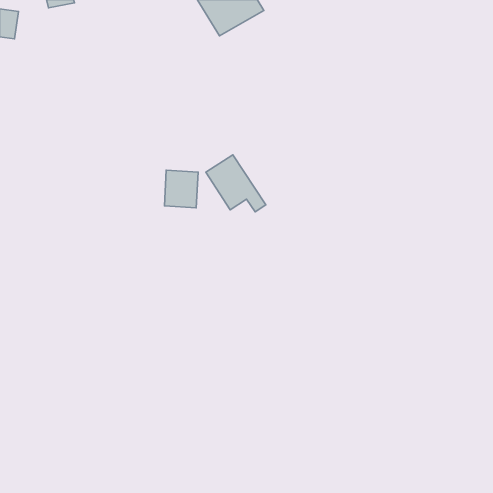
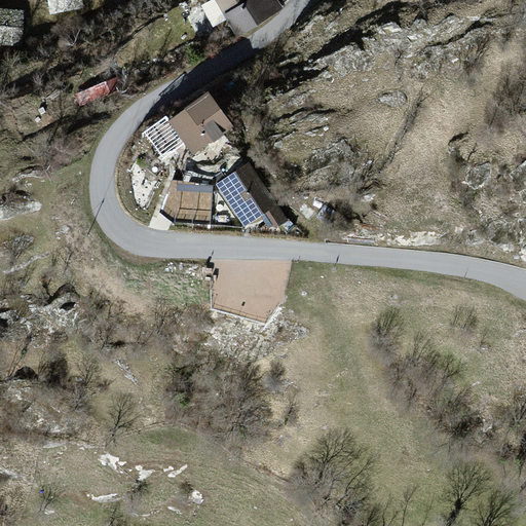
building: none -> [166,92,231,155]

